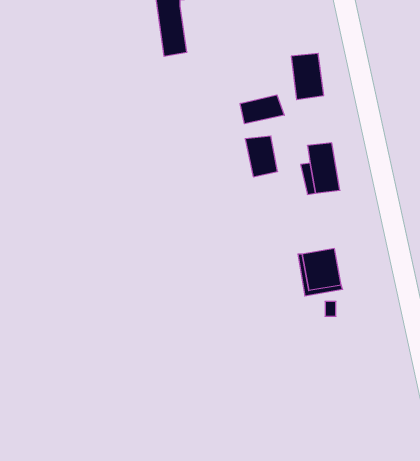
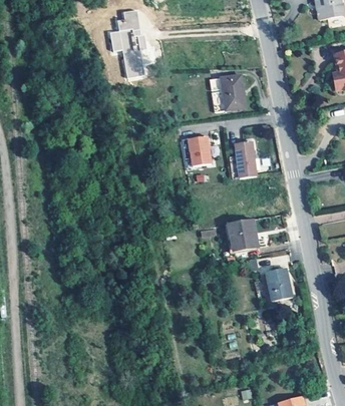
building: [240,95,284,124] -> none
building: none -> [267,267,293,300]

